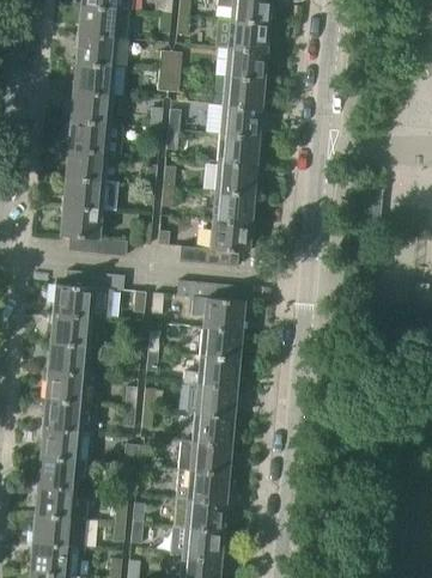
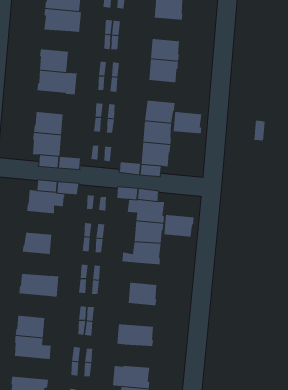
building: [226,47,268,79] -> none
building: [72,63,114,93] -> none
building: [219,133,260,164] -> [173,111,202,134]
building: [66,147,107,180] -> none
building: [51,314,92,346] -> none
building: [45,370,86,402] -> none
building: [195,384,238,415] -> [163,215,195,237]
building: [41,427,95,462] -> none
building: [180,440,232,473] -> none
building: [185,498,227,529] -> none
building: [32,513,86,546] -> none

